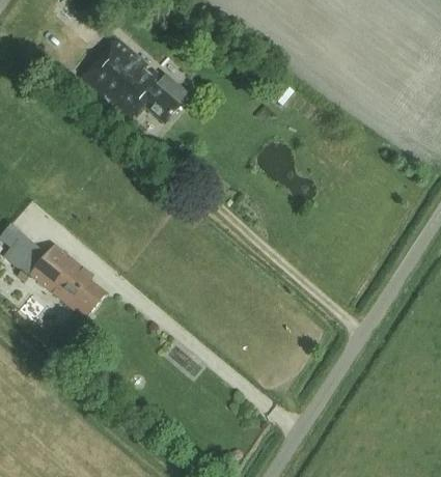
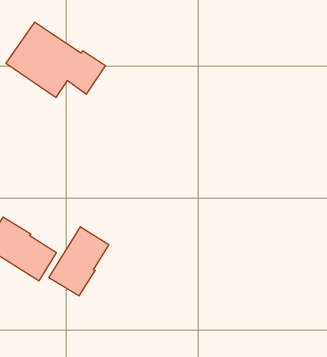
building: none -> [49,227,109,296]

